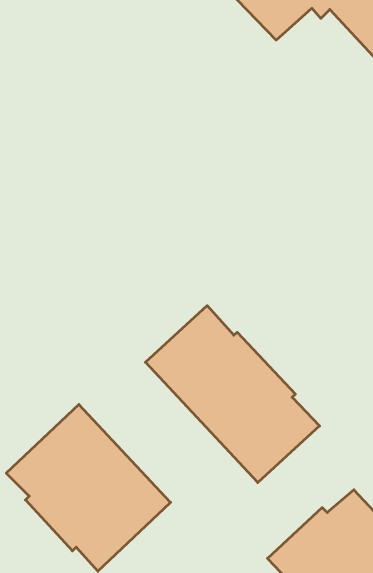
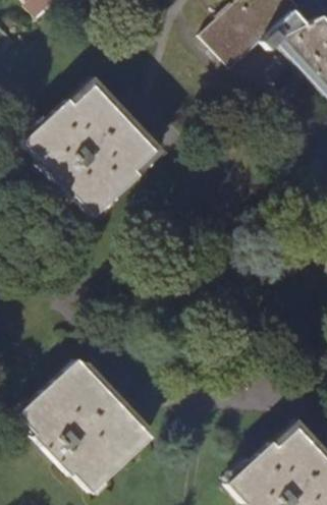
building: none -> [26,85,157,215]
building: [145,306,320,483] -> none

